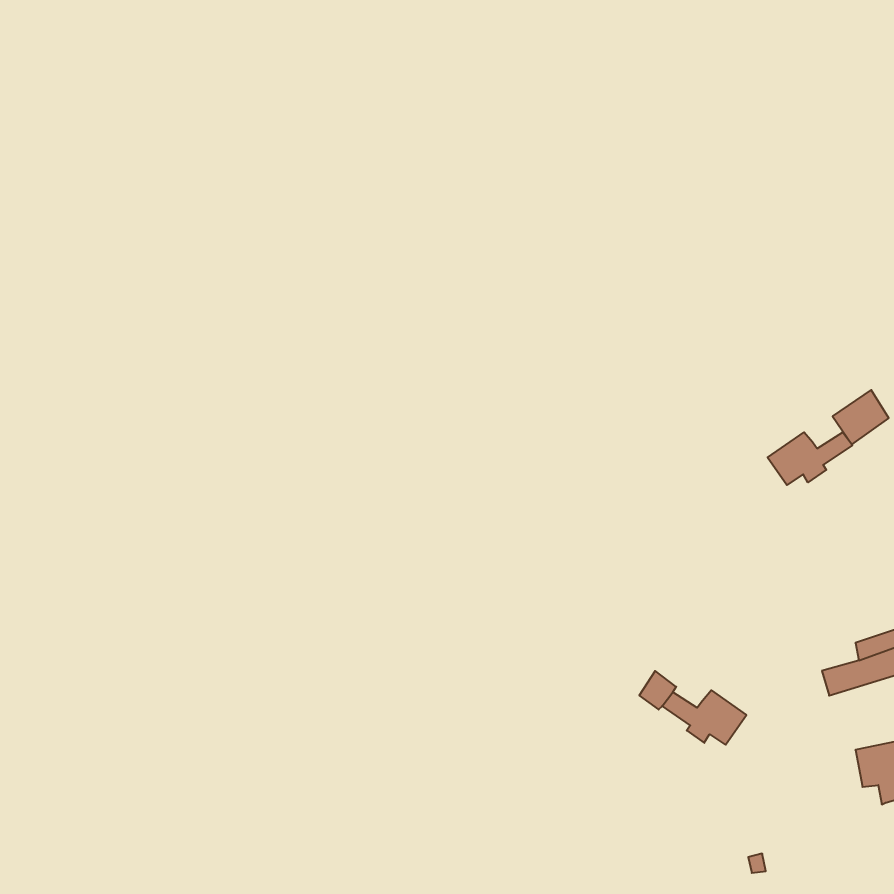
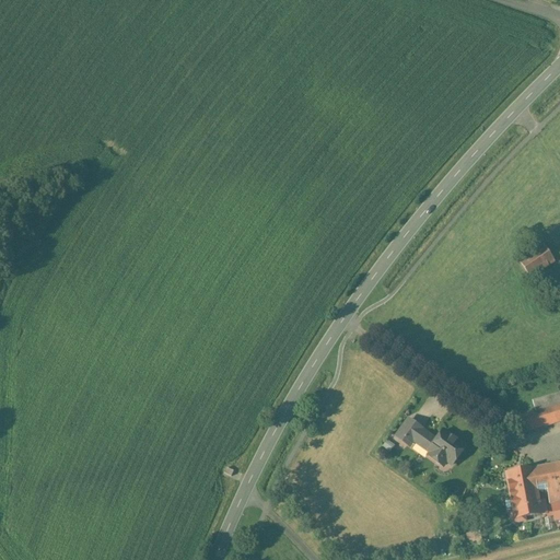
building: [768,432,852,485] -> none
building: none -> [508,467,544,522]

